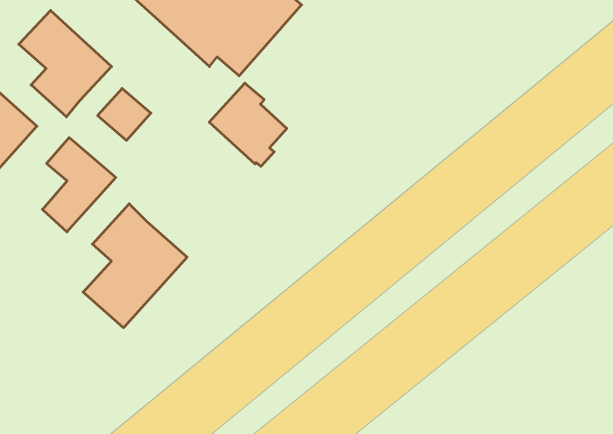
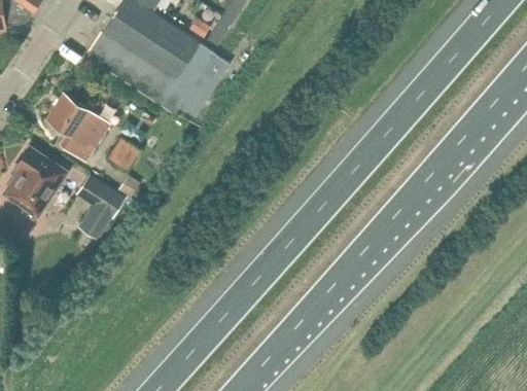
building: [209,83,287,166] -> none
building: [83,204,187,328] -> none

